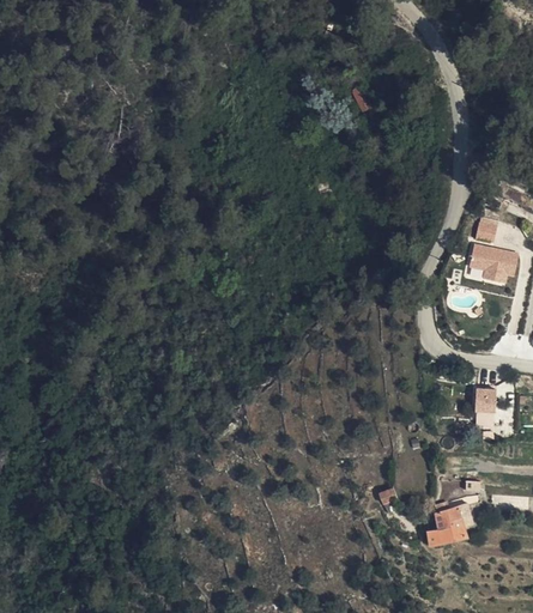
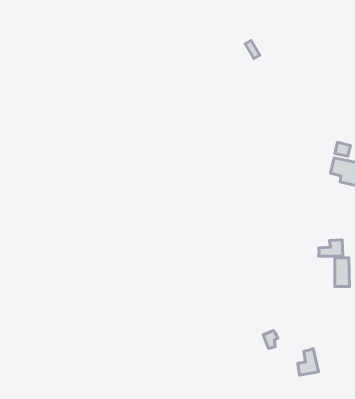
building: none -> [318,240,343,256]
building: [446,506,470,542] -> none

